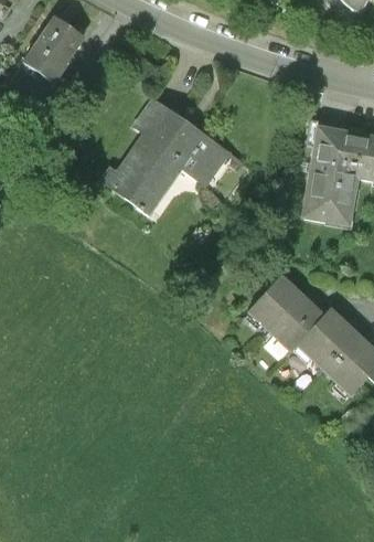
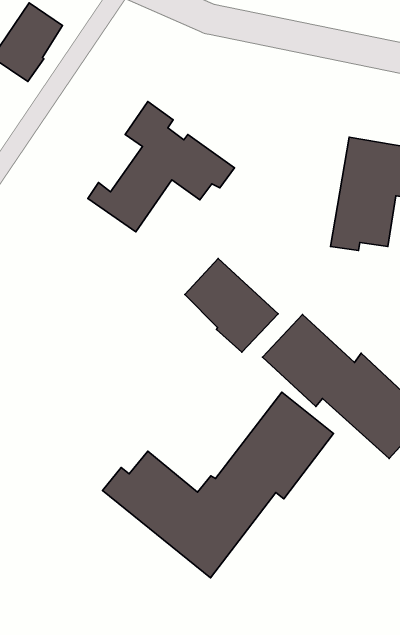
building: none -> [185,259,278,352]
building: none -> [102,392,333,578]

